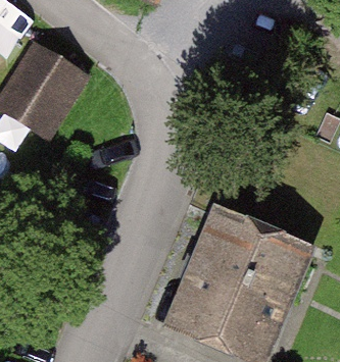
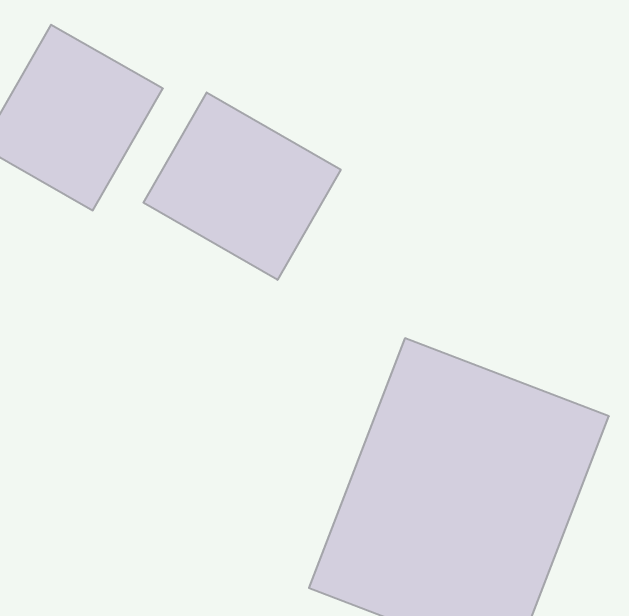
building: none -> [143,92,341,280]

